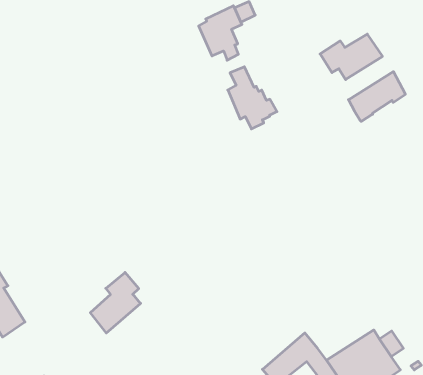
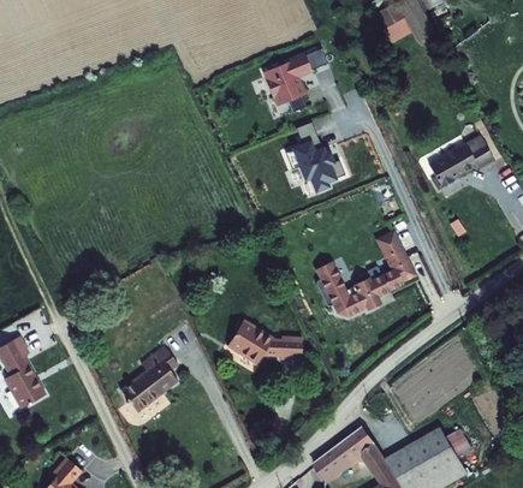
building: [320,34,382,80] -> none
building: none -> [315,228,416,316]
building: none -> [226,319,302,364]

